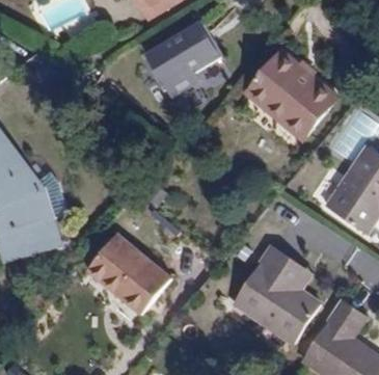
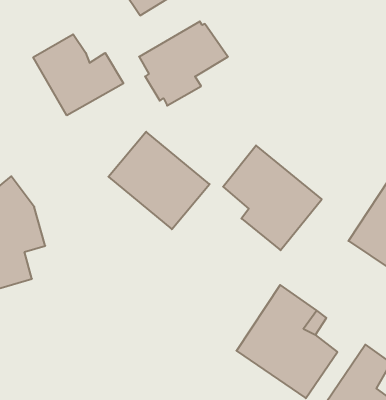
building: none -> [33,34,123,115]
building: [253,49,337,138] -> [223,145,322,250]
building: [86,232,172,315] -> [108,132,210,229]

